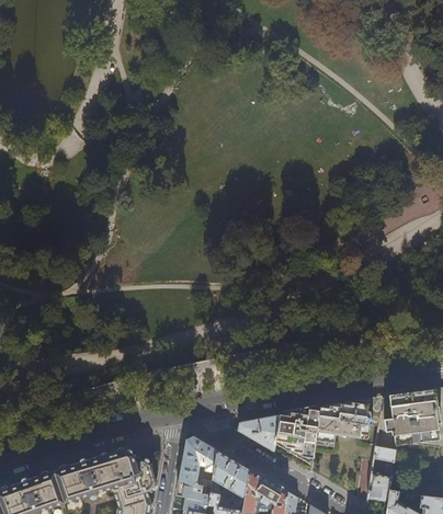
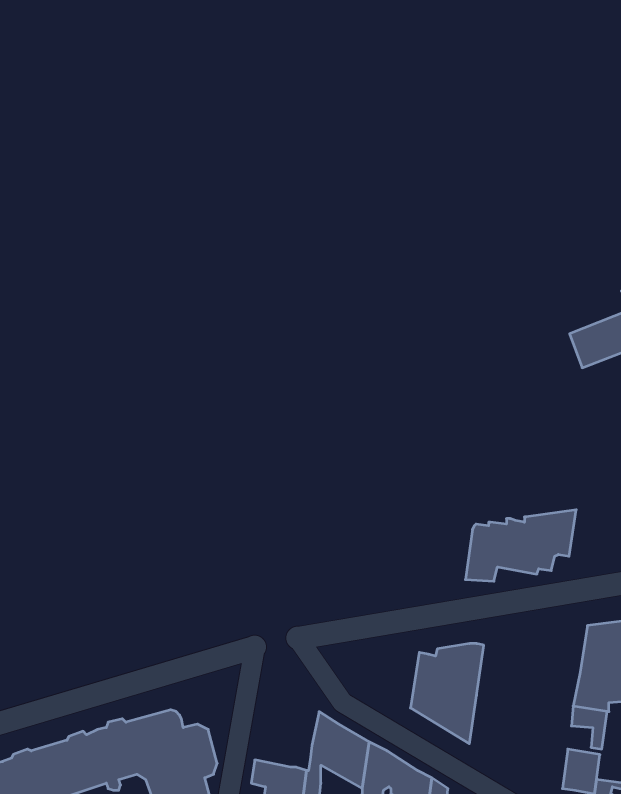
building: [315,399,383,443] -> [465,510,576,581]
building: [237,415,280,453] -> none
building: [179,437,218,486] -> none

